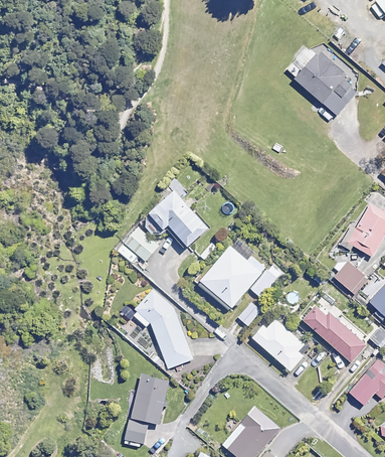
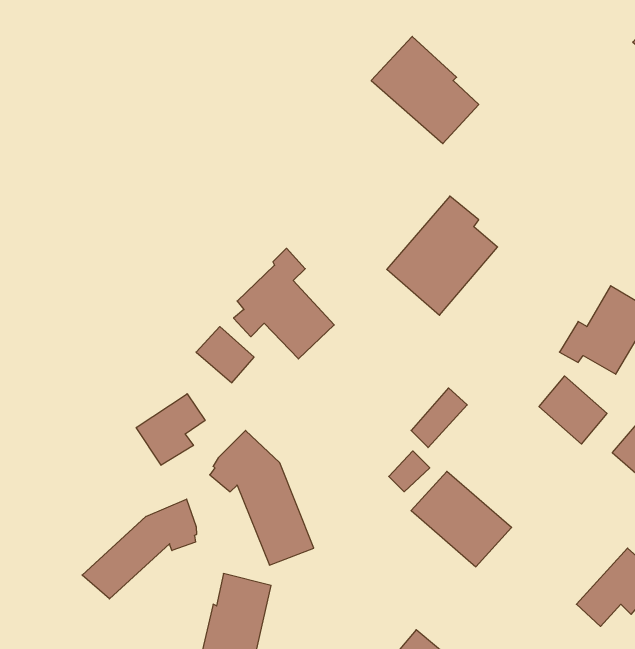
building: [294,52,357,116] -> [371,36,479,144]
building: [199,238,264,308] -> [387,196,498,315]
building: none -> [136,394,205,465]
building: [302,302,366,363] -> none
building: none -> [82,499,196,599]

